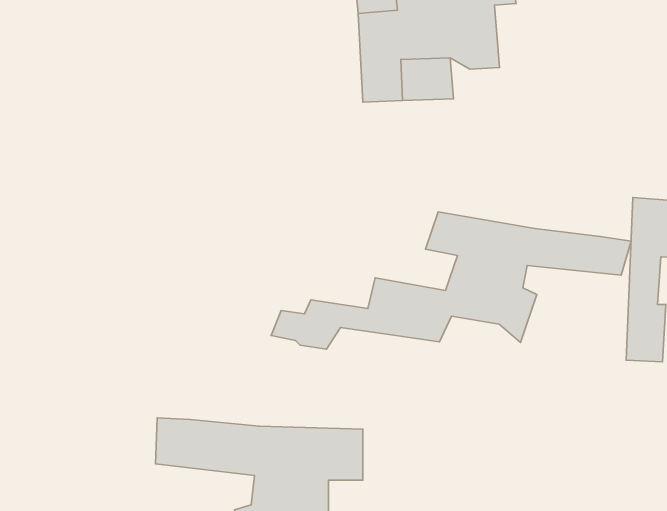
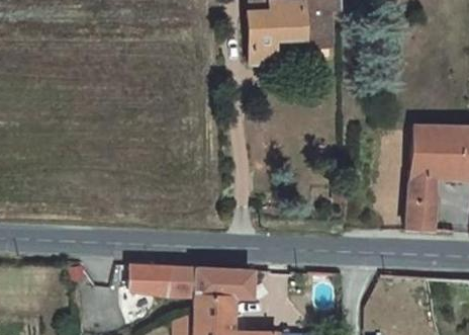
building: [271,212,631,349] -> none

